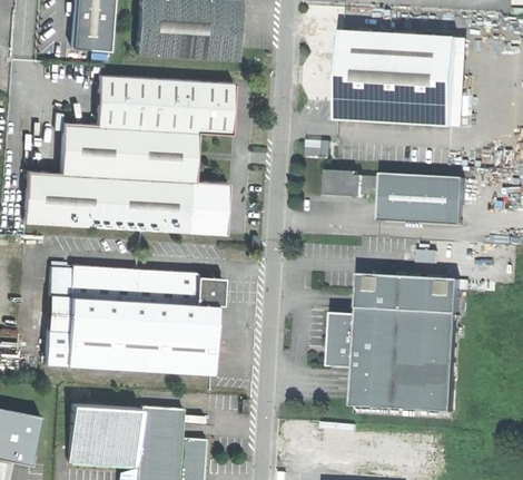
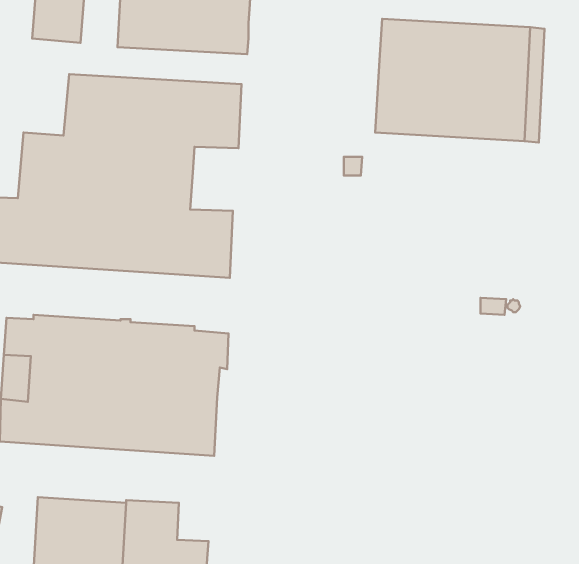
building: [327,169,465,226] -> none
building: [332,274,462,413] -> none

